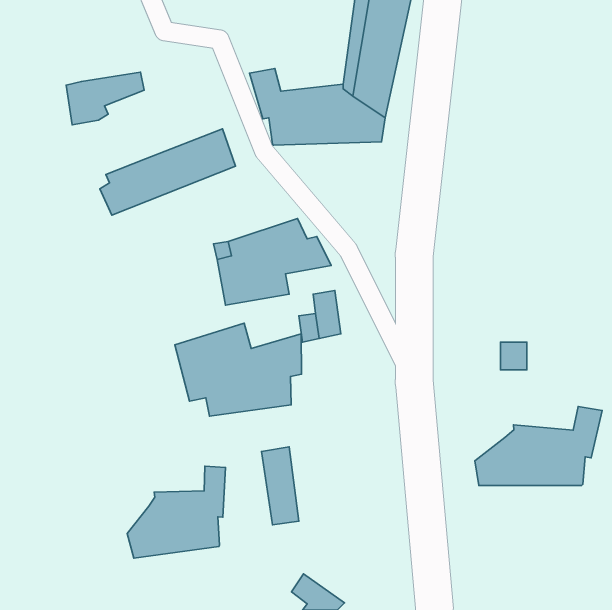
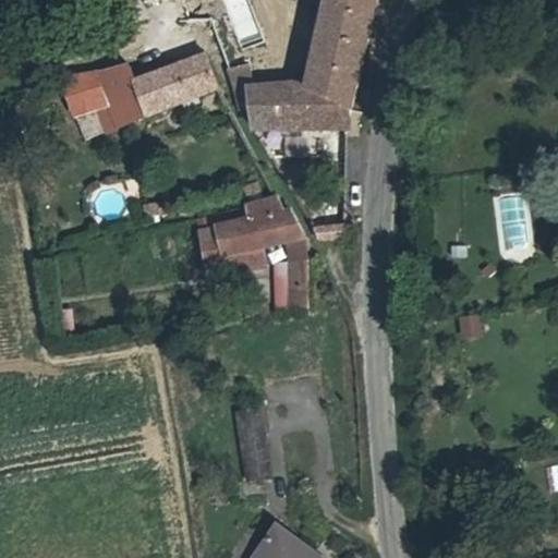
building: [100,129,236,215] -> [89,54,213,133]
building: [175,323,301,416] -> none
building: [475,406,602,485] -> none
building: [127,466,225,558] -> none

